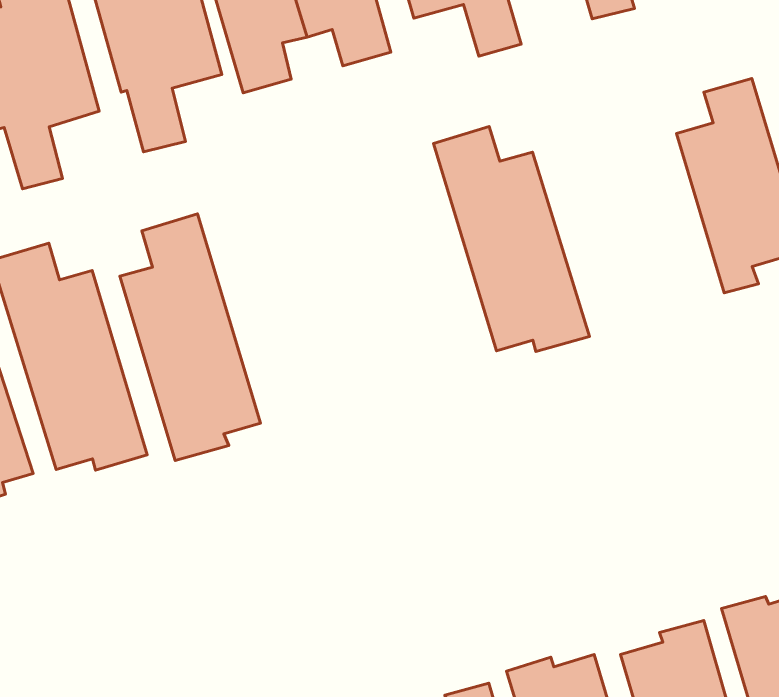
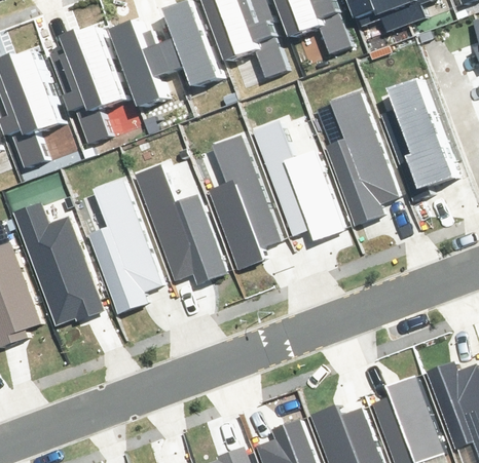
building: none -> [320,89,402,225]
building: none -> [198,130,281,266]
building: none -> [131,160,223,283]

